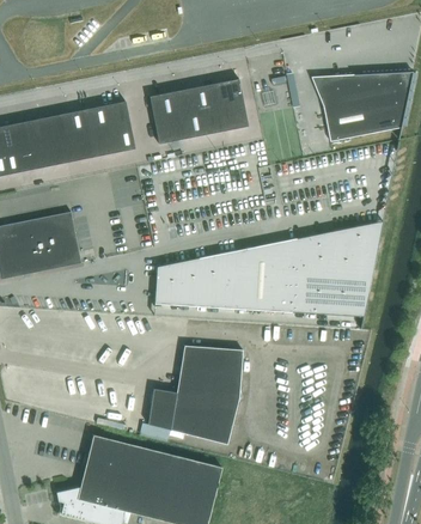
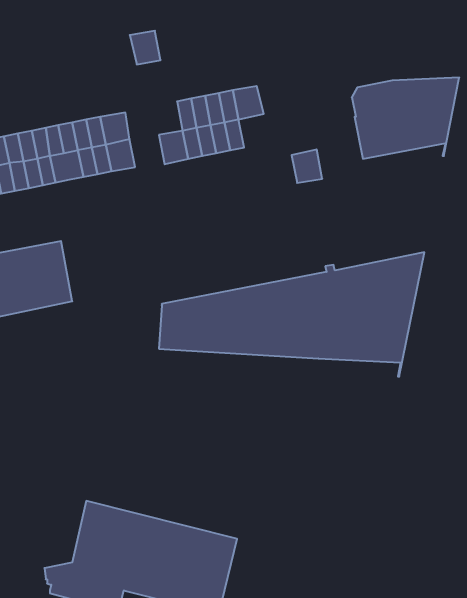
building: [148,92,175,121] -> [130,31,161,64]
building: [222,103,249,132] -> [292,149,322,183]
building: [147,346,242,444] -> none

